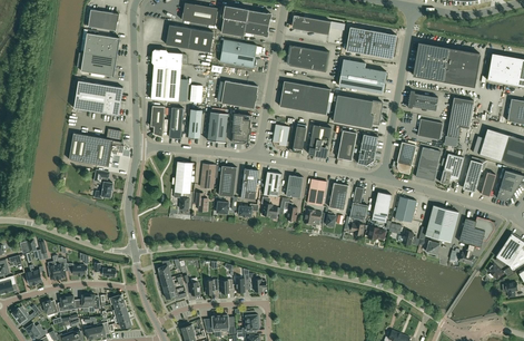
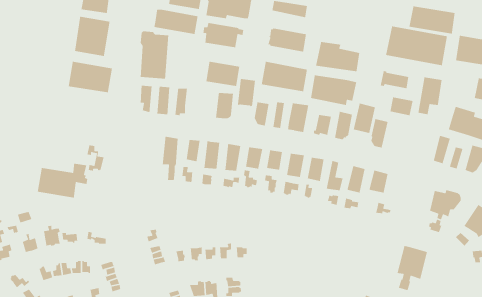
building: [346,27,396,58] -> [409,5,456,35]
building: [208,111,228,143] -> [237,78,256,107]
building: [69,128,123,166] -> [37,163,88,198]
building: [416,147,441,181] -> [353,103,376,134]
building: [441,153,464,184] -> none
building: [425,205,458,254] -> [397,245,428,291]

